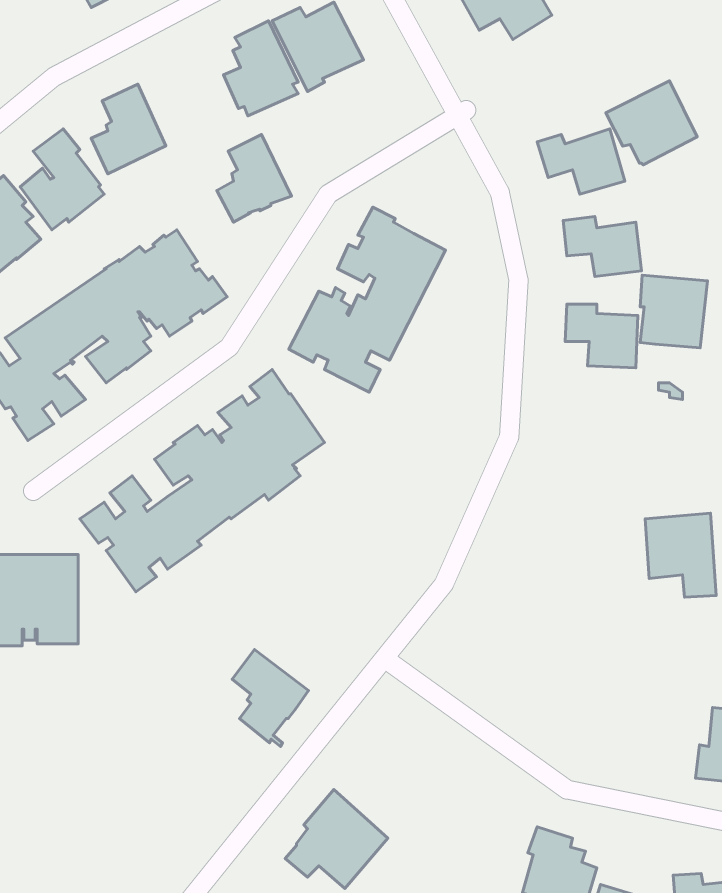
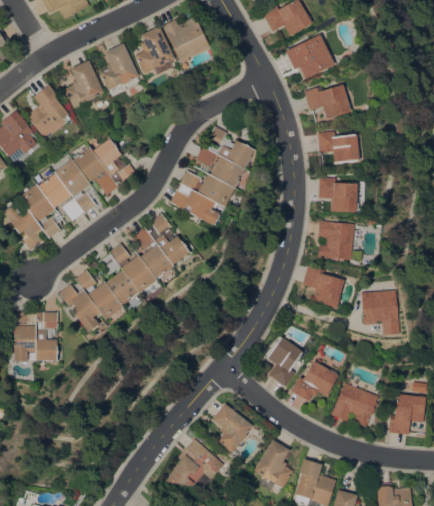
building: [606,81,697,165] -> [285,34,334,79]
building: [217,134,291,222] -> [99,43,139,90]
building: [640,275,708,348] -> [318,221,354,260]
building: none -> [302,266,344,307]
building: none -> [266,335,303,386]
building: none -> [290,360,338,401]
building: [232,649,309,746] -> [212,403,253,455]
building: none -> [330,382,377,426]
building: none -> [253,439,293,488]

